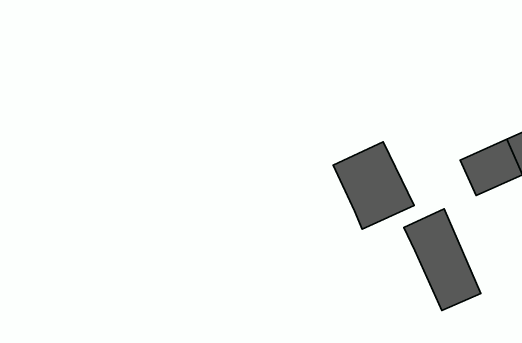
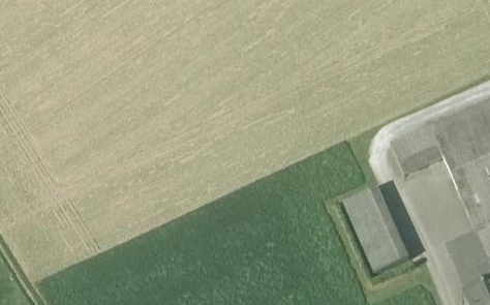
building: [333,142,414,229] -> none

